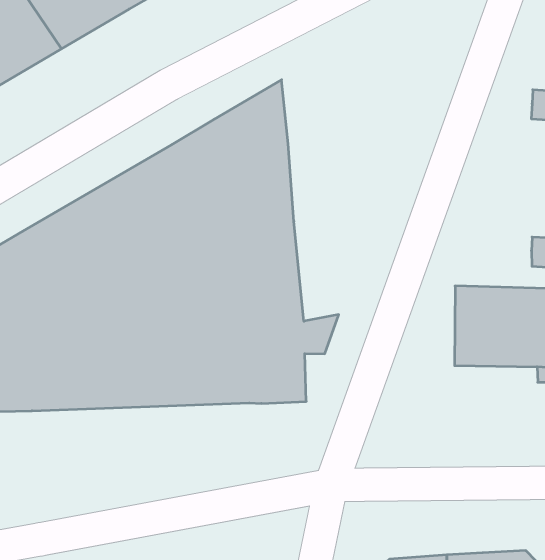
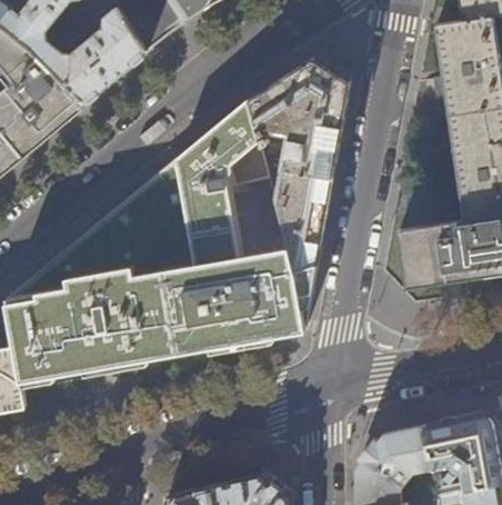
building: none -> [247,59,350,274]

